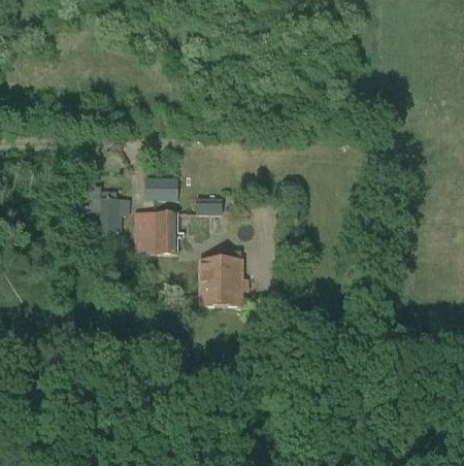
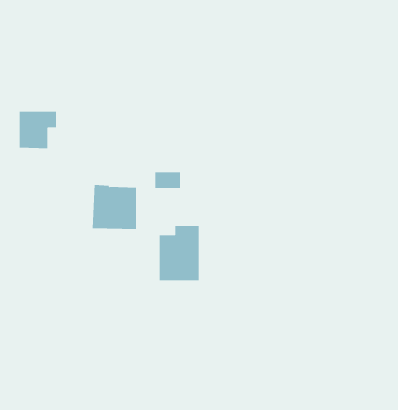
building: [146,176,178,200] -> none
building: [92,199,129,236] -> [19,111,57,149]

